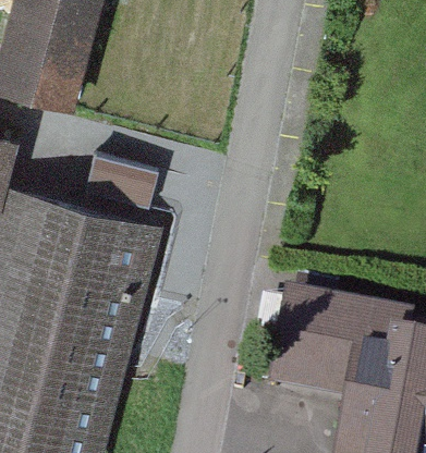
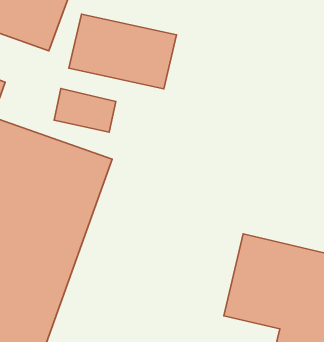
building: none -> [69,14,176,89]

